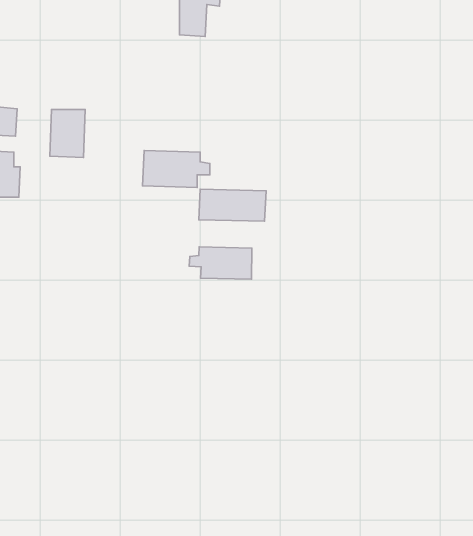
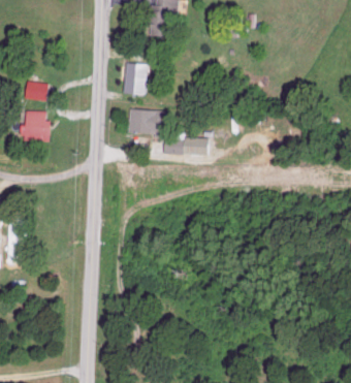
building: [50,109,85,158] -> [124,63,147,94]
building: [189,247,252,279] -> none

